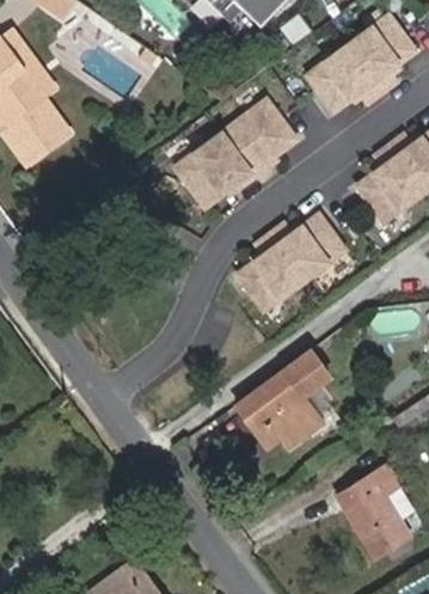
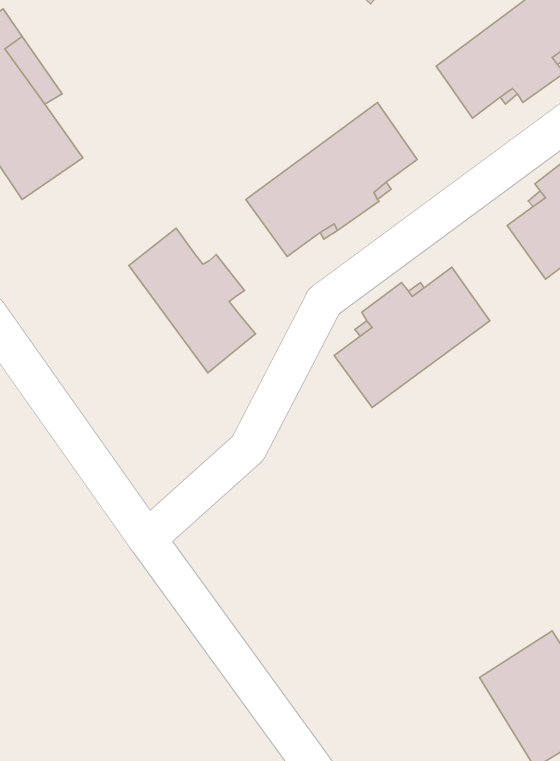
building: none -> [129,228,256,373]
building: [237,351,331,449] -> none

